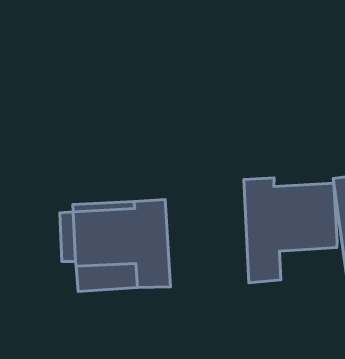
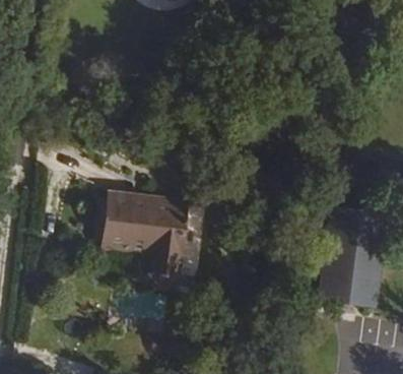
building: [244,178,337,283] -> none

